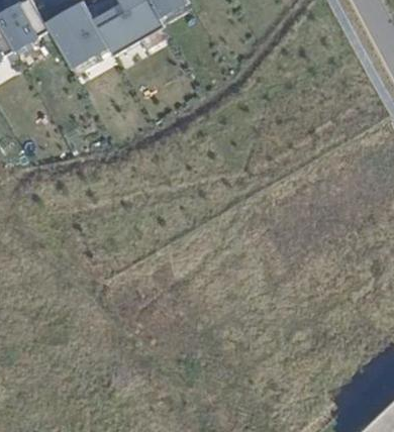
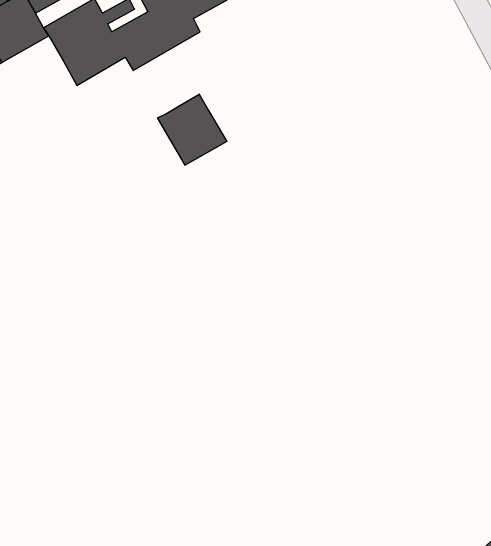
building: none -> [158,94,227,165]

